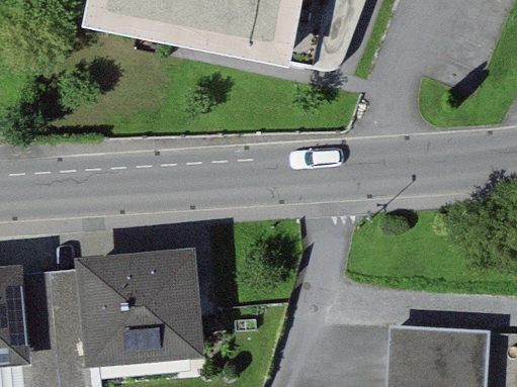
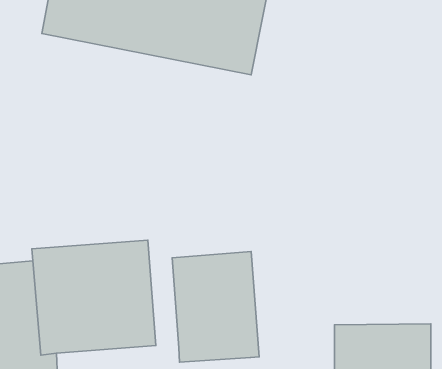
building: none -> [172,252,259,362]

